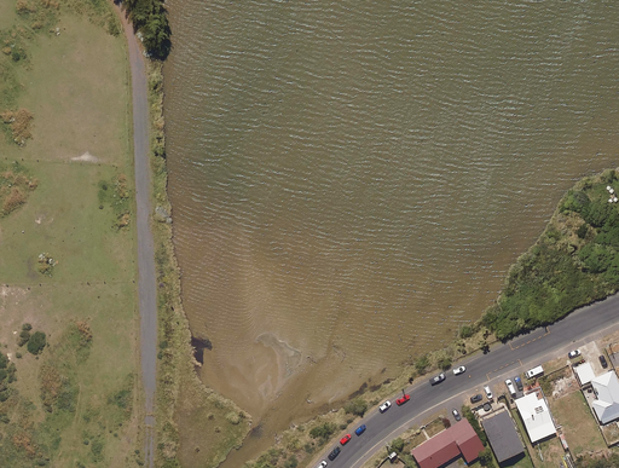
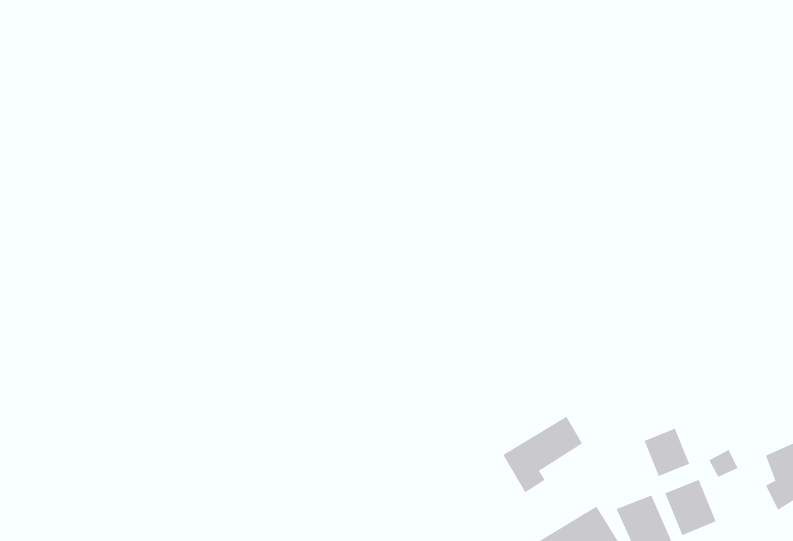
building: none -> [503,416,583,493]
building: none -> [644,428,690,477]

